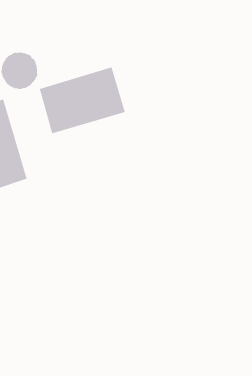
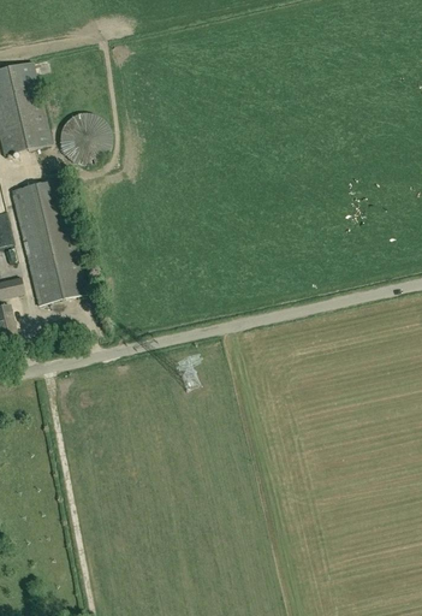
building: [39,66,126,134] -> none

